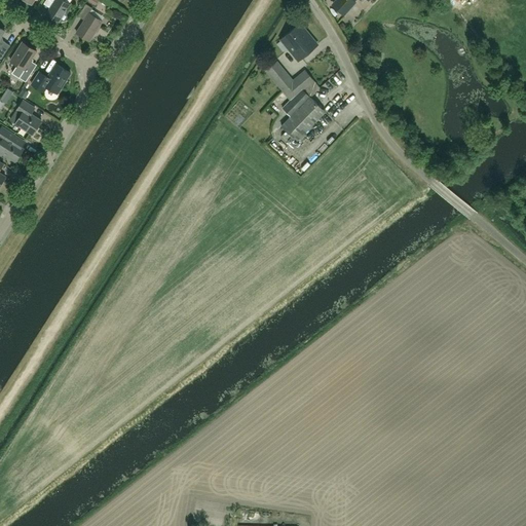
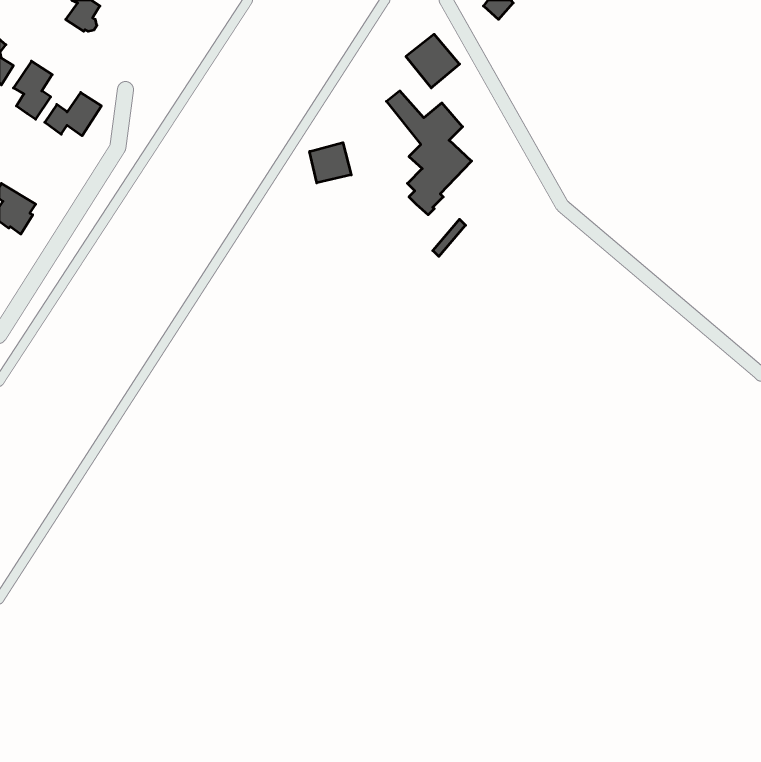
building: [75,4,101,41] -> none
building: none -> [310,143,351,183]
building: [9,101,41,134] -> none

